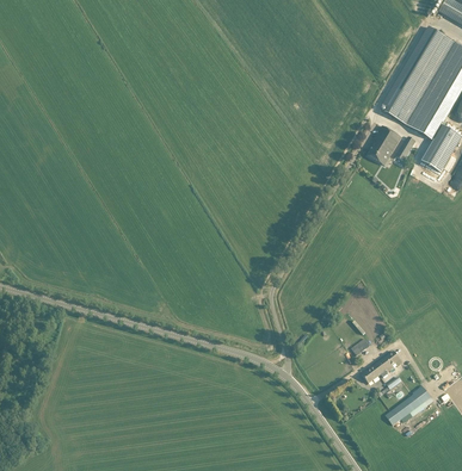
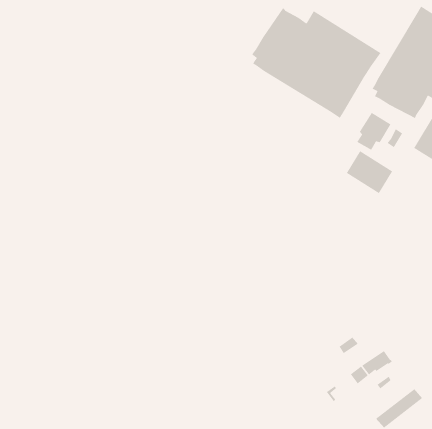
building: none -> [251,7,382,119]
building: none -> [346,150,393,194]

